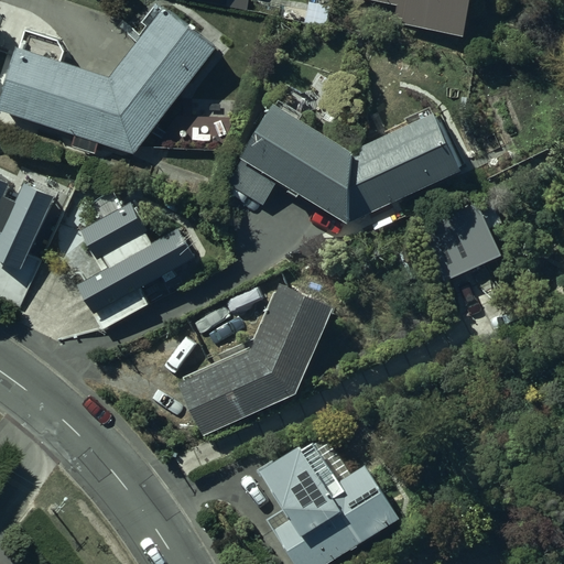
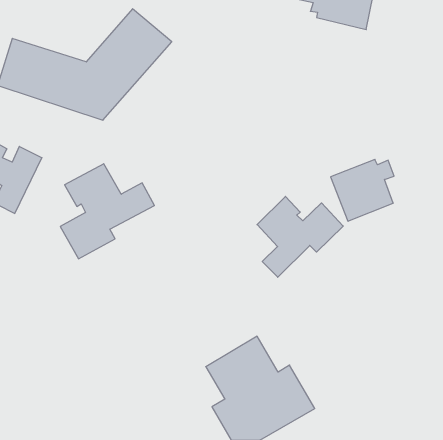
building: [228,104,459,228] -> none
building: none -> [257,196,343,277]
building: [178,286,334,435] -> none

